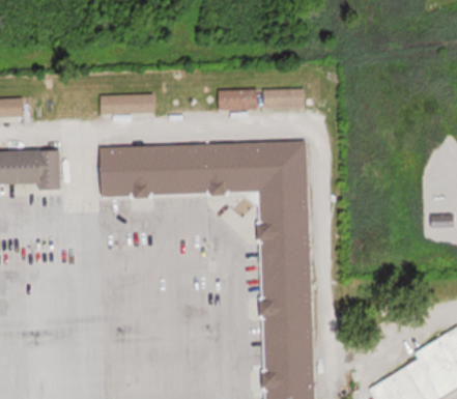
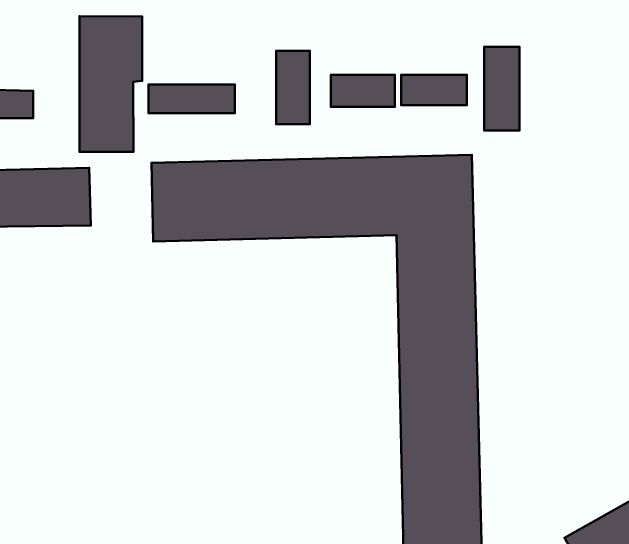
building: none -> [80,16,142,152]
building: none -> [484,47,519,131]
building: none -> [276,51,310,124]

